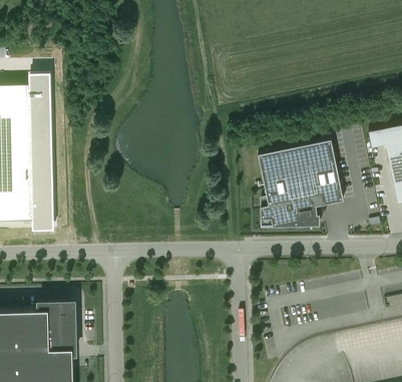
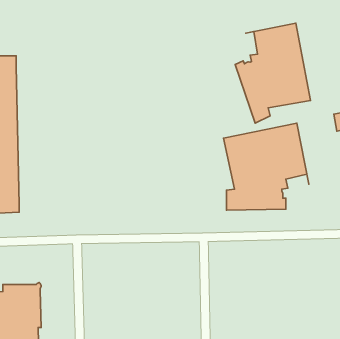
building: none -> [235,23,311,123]

